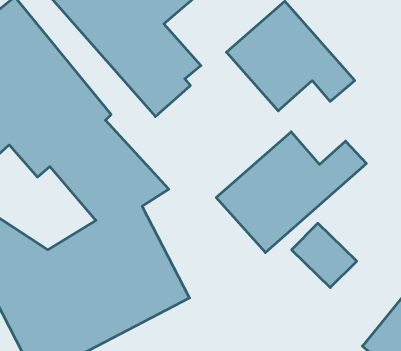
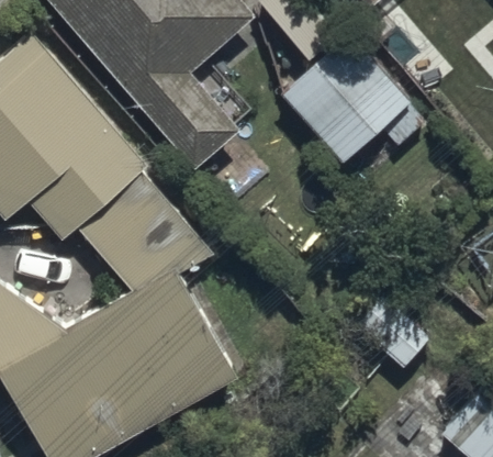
building: [216,132,366,253] -> none

